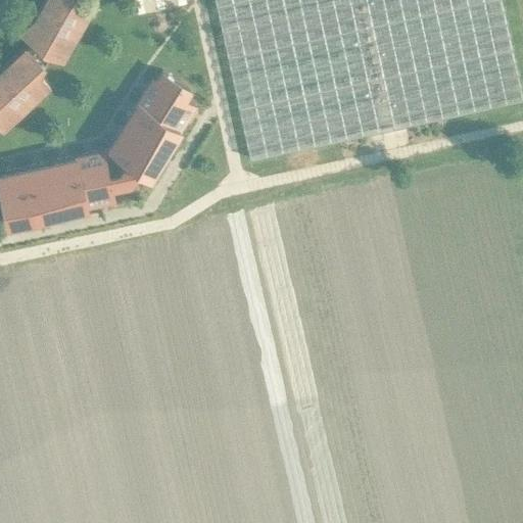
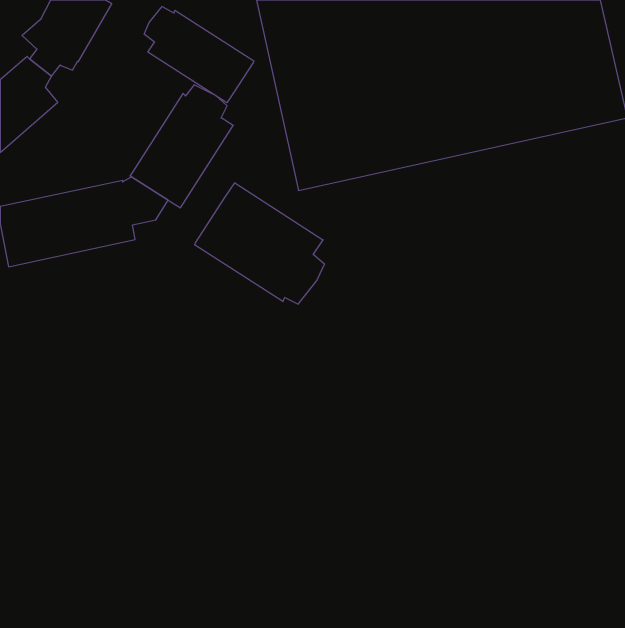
building: none -> [144,7,254,103]
building: none -> [195,183,324,304]

